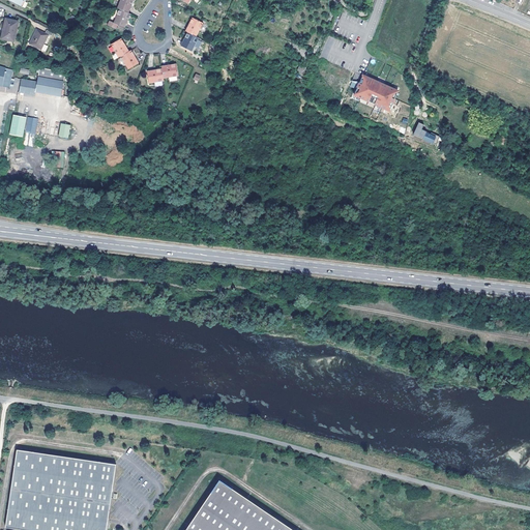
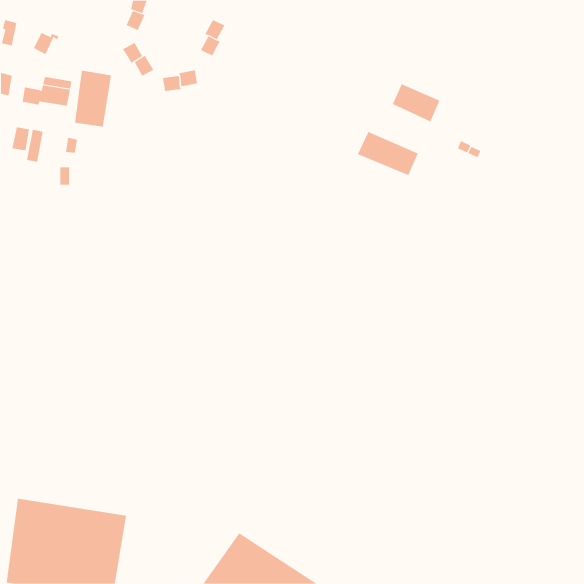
building: none -> [74,70,111,128]
building: none -> [357,131,418,176]

